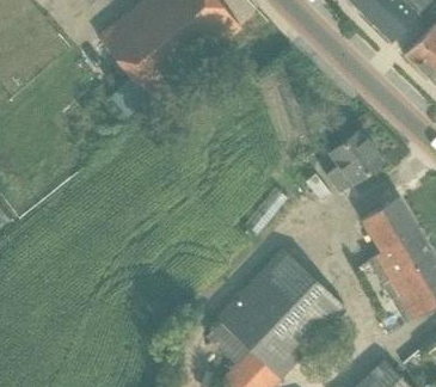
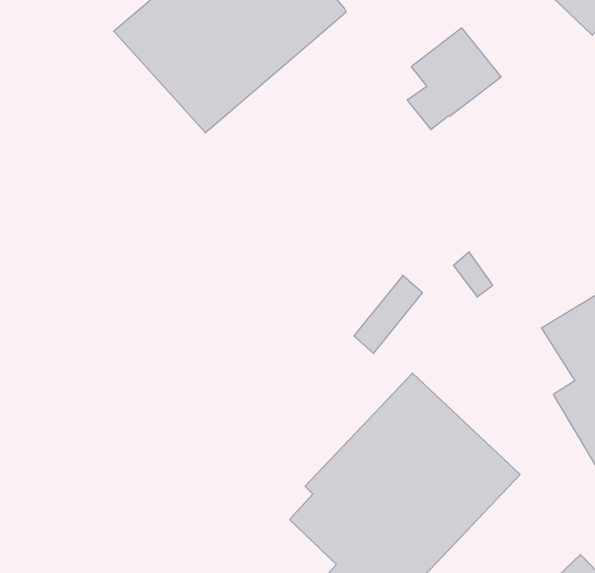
building: [327,130,385,192] -> [407,28,501,129]

